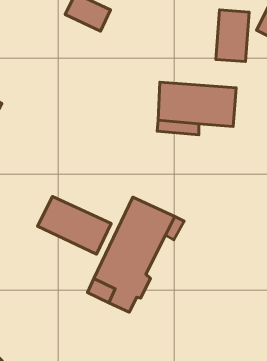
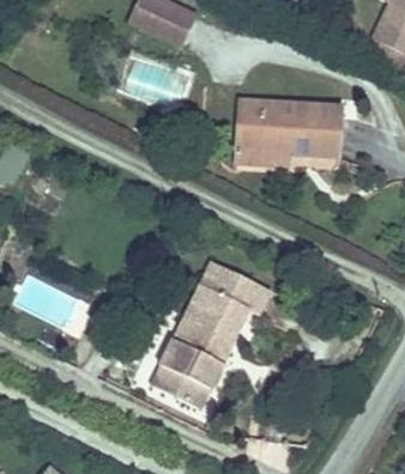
building: [216,10,249,62] -> none
building: [38,197,111,254] -> none

